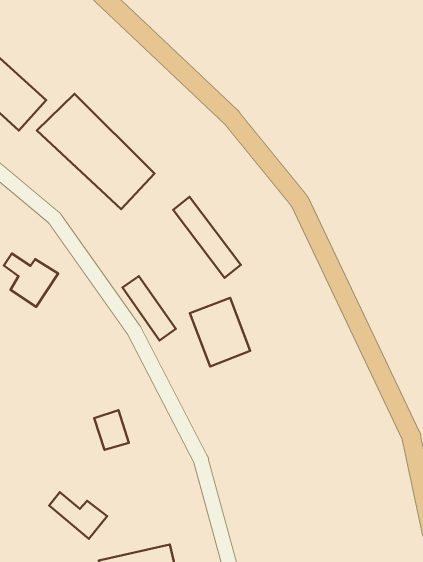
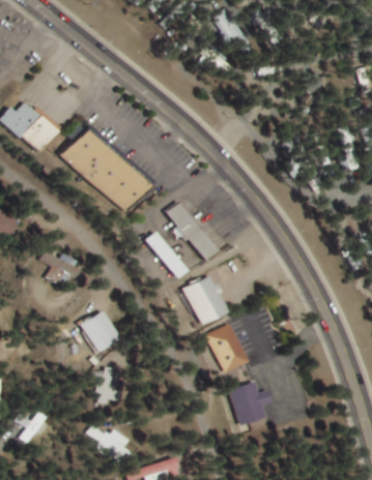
building: [122,276,176,340] -> [145,230,187,276]
building: none -> [206,323,249,371]
building: [94,410,129,450] -> [88,311,115,341]
building: none -> [230,381,274,424]

